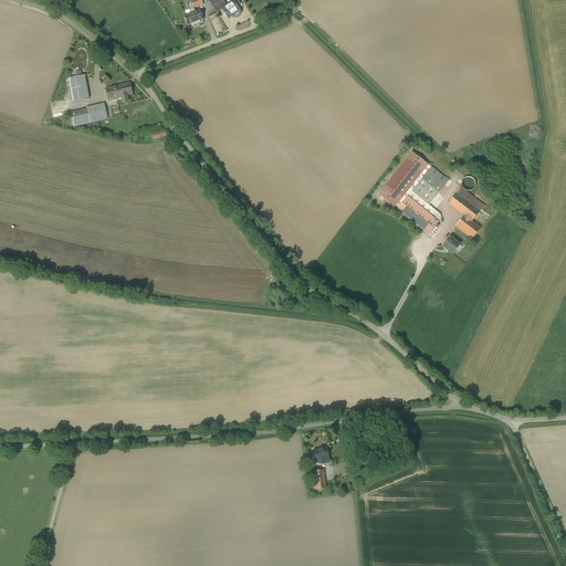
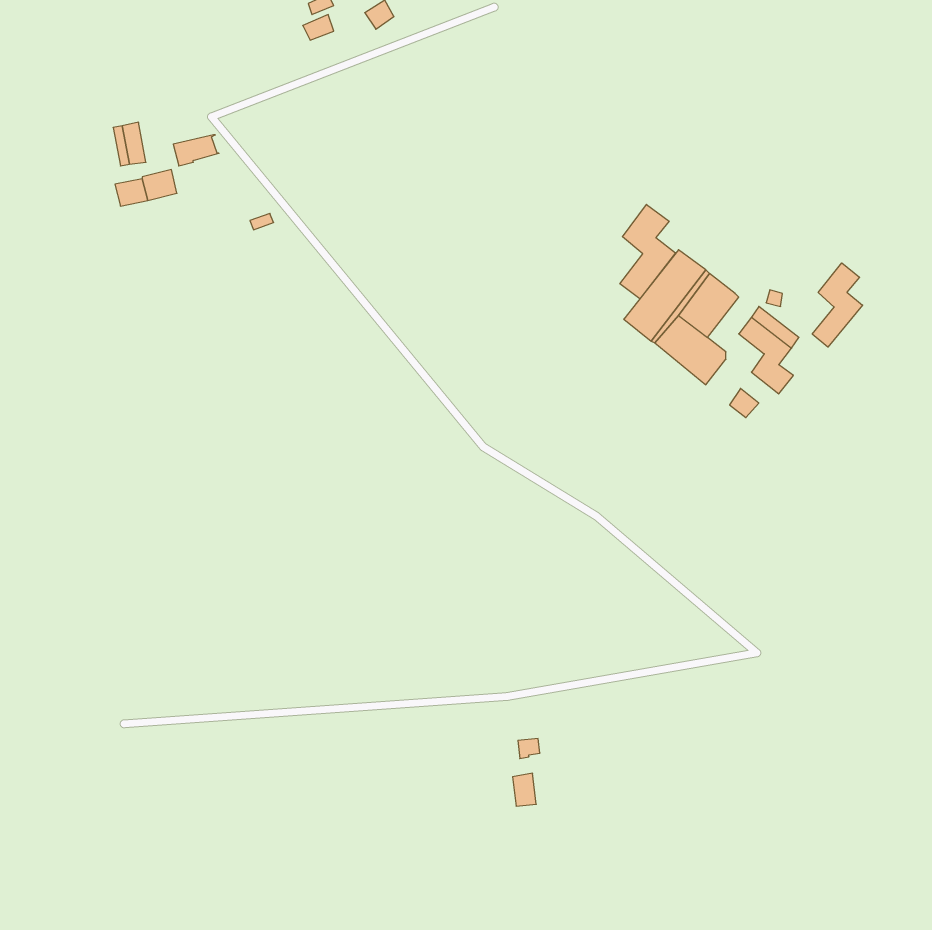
building: none -> [620,204,676,299]
building: none -> [812,263,863,347]

